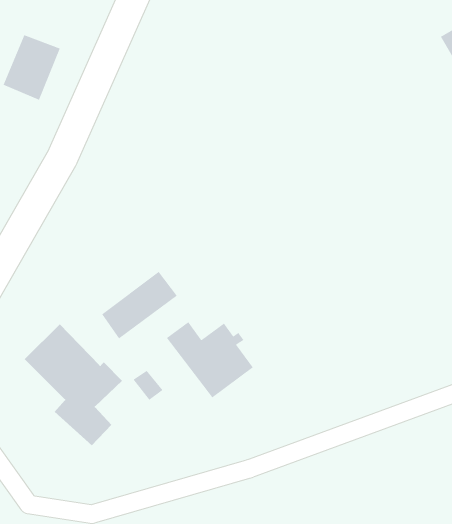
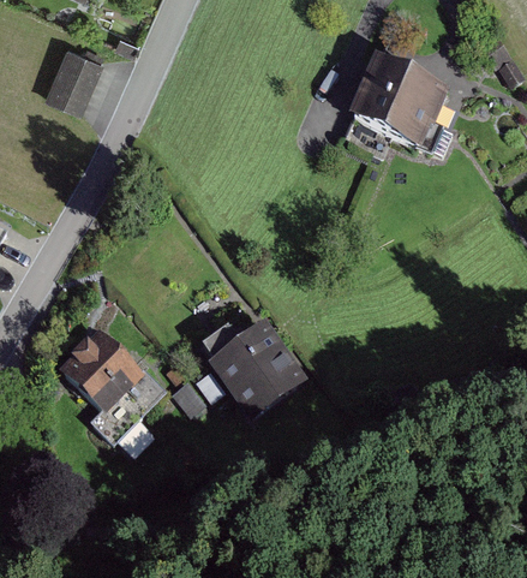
building: none -> [346,59,451,154]
building: [101,271,178,340] -> none

